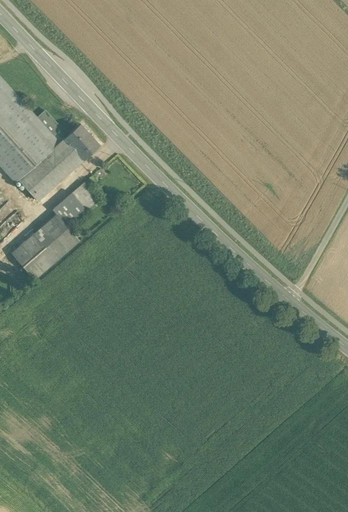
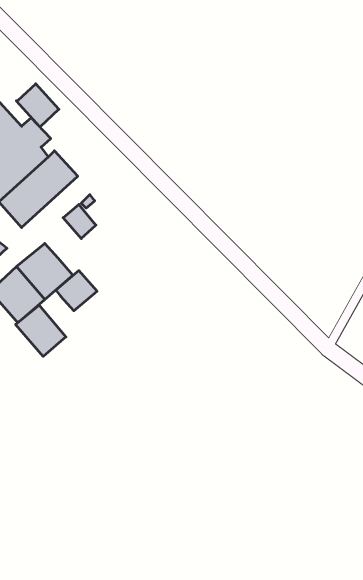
building: [63,125,98,160] -> [16,84,59,126]
building: [51,194,85,227] -> [56,271,97,311]
building: none -> [16,305,66,356]

